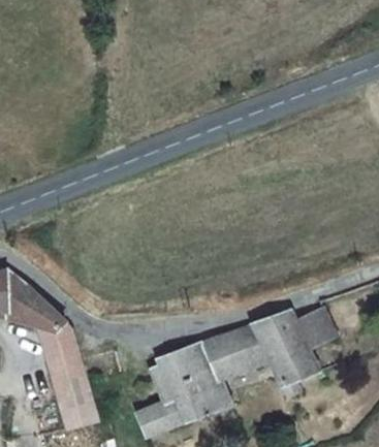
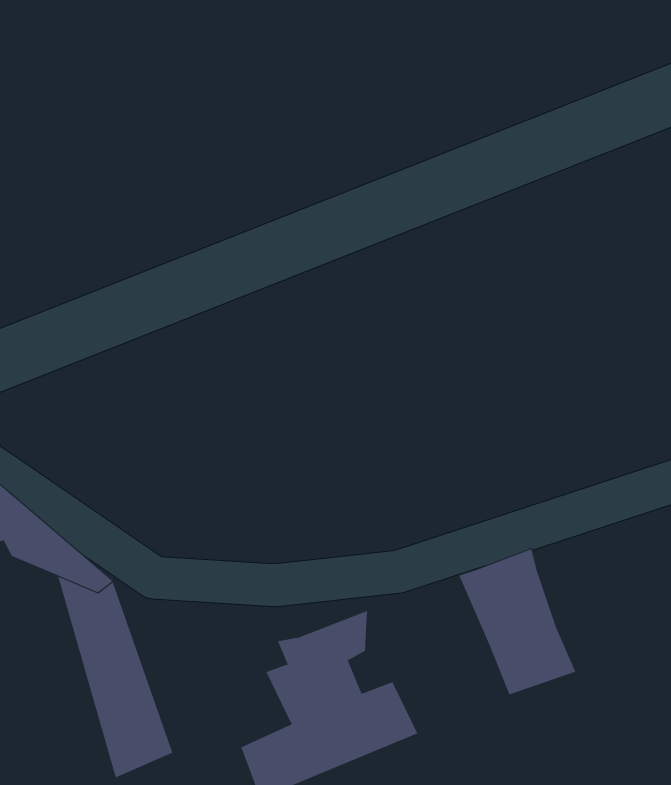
building: [294,308,336,349] -> none
building: [193,321,269,384] -> none

